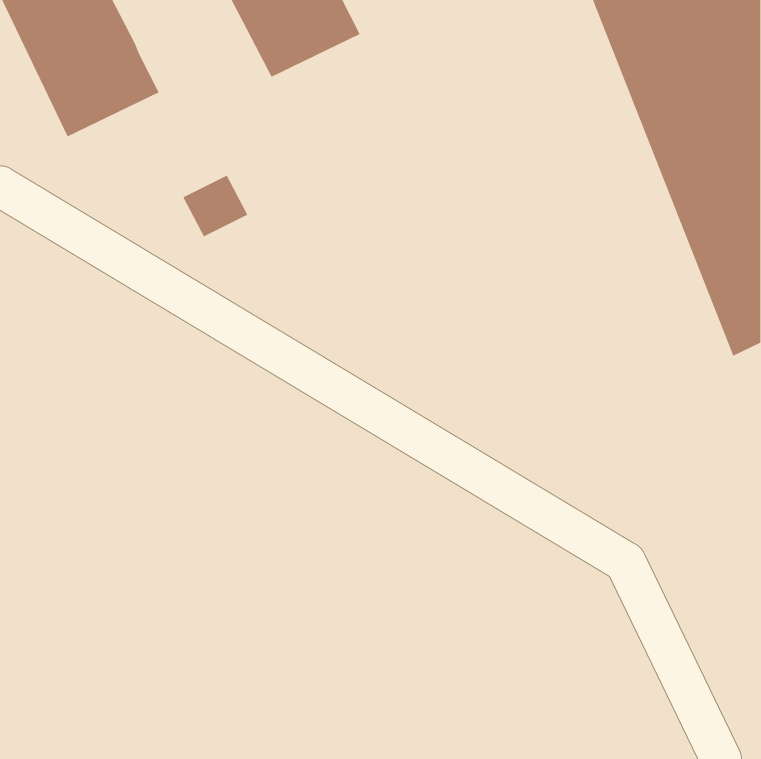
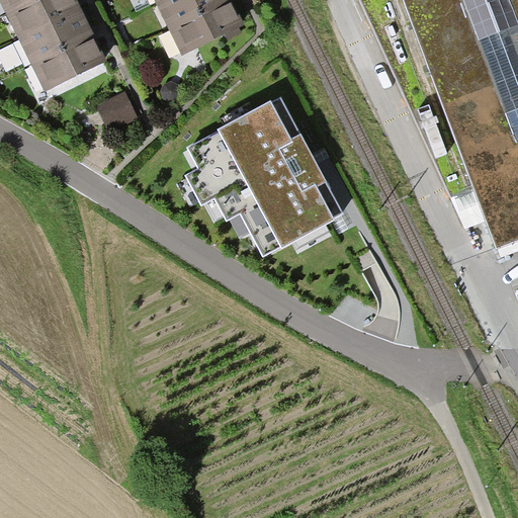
building: none -> [190,100,342,253]
building: [183,175,248,237] -> [96,91,141,134]

